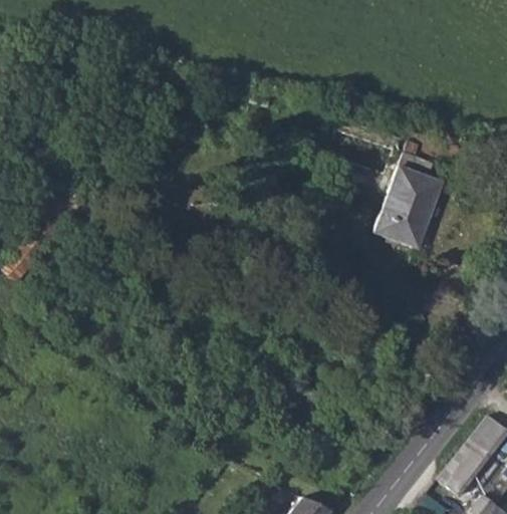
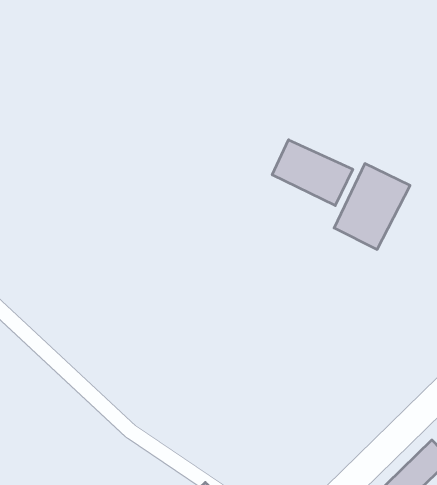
building: none -> [272,140,353,206]

